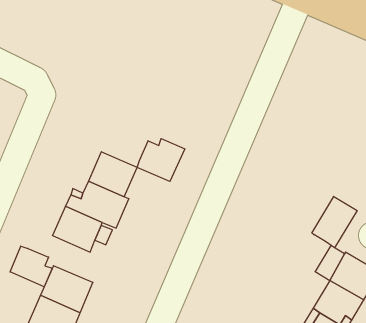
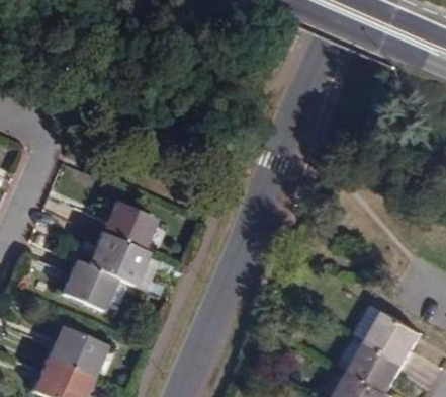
building: [137,139,185,181] -> none
building: [312,196,357,248] -> none
building: [10,246,52,287] -> none

